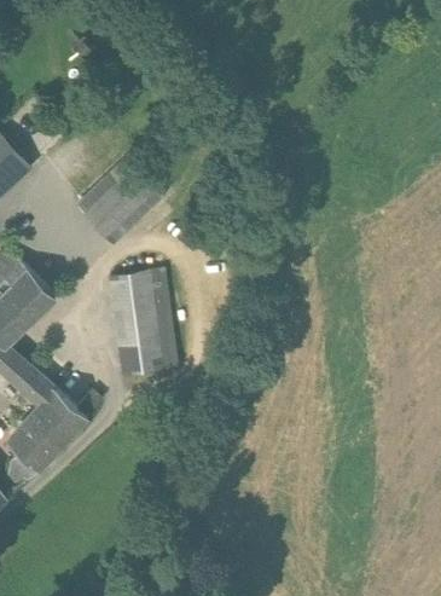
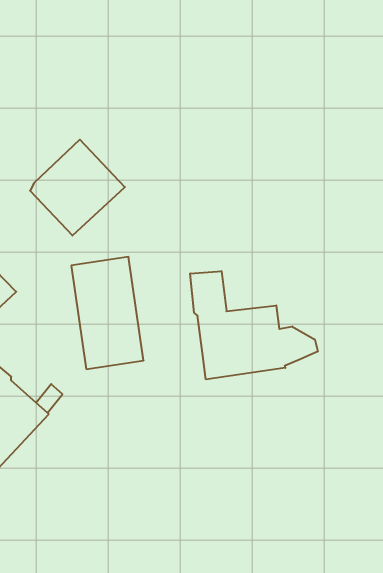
building: none -> [190,271,318,379]

